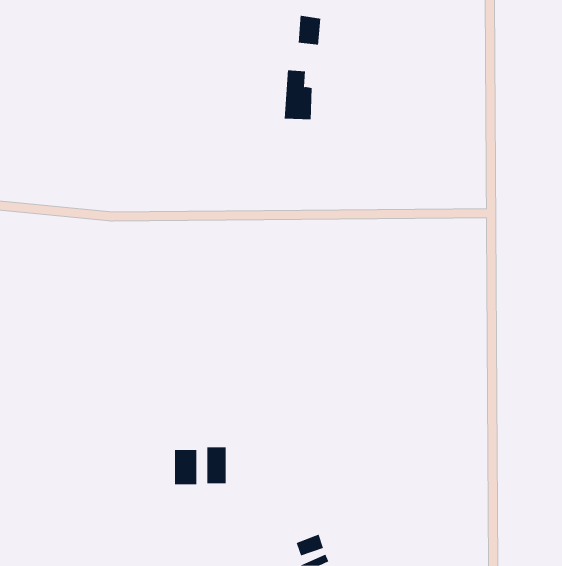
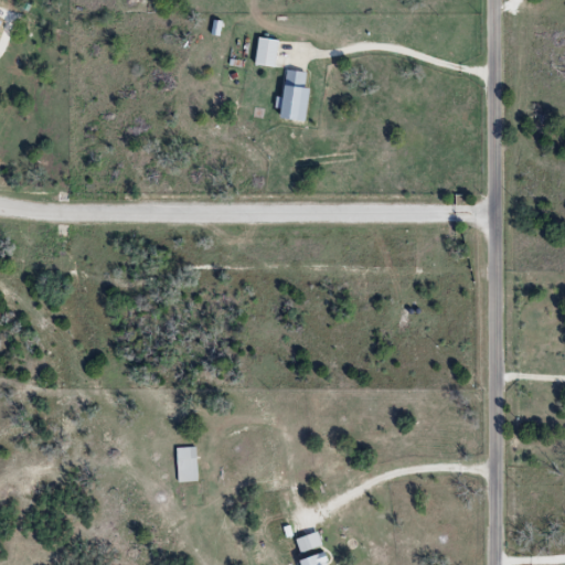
building: [298,15,321,45] -> [255,36,278,66]
building: [207,446,226,484] -> none

